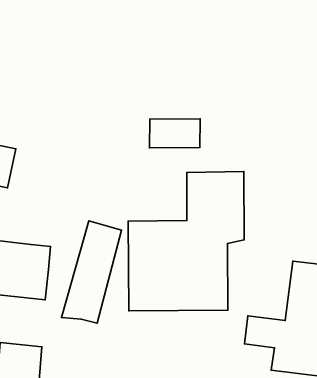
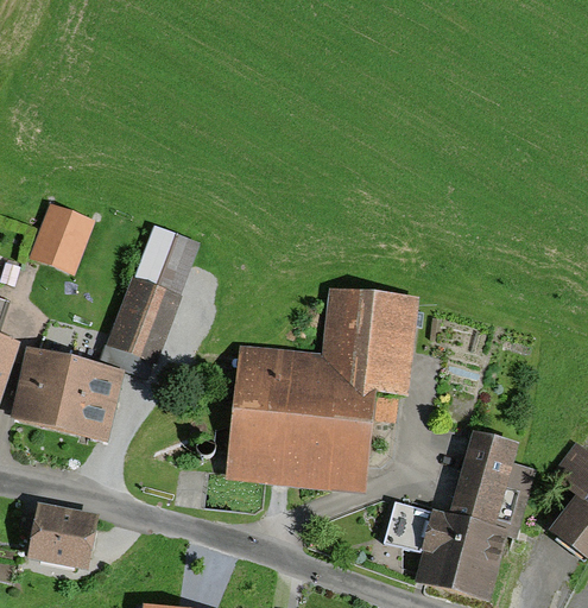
building: [149,119,200,148] -> none
building: [62,221,122,323] -> [94,226,196,376]

